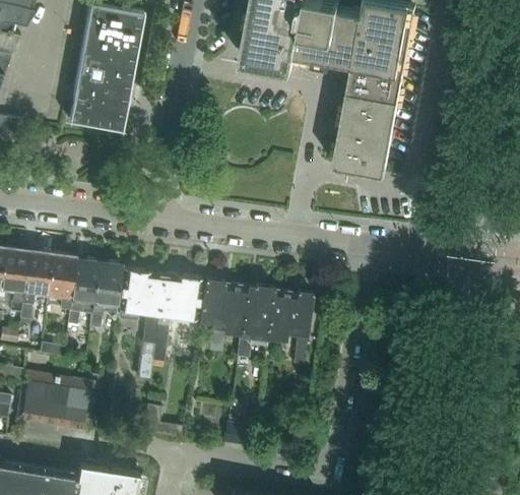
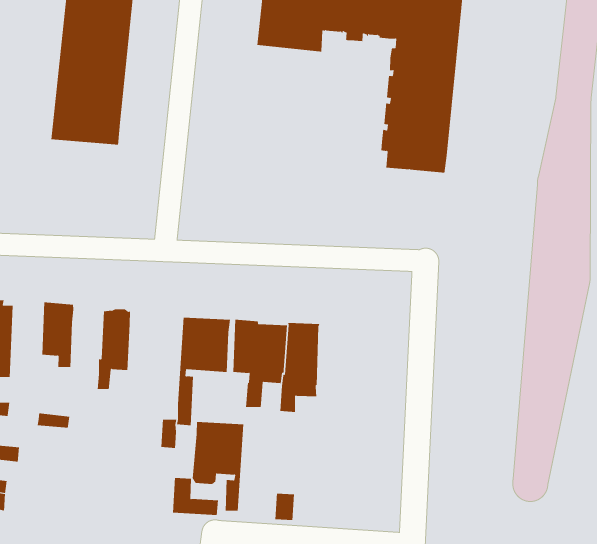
building: [18,251,51,321] -> none
building: [66,260,99,325] -> none
building: [117,269,162,345] -> [192,422,244,511]
building: [267,291,311,366] -> none
building: [17,372,93,431] -> none

